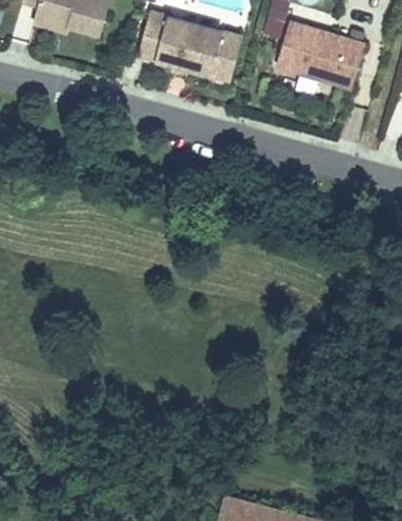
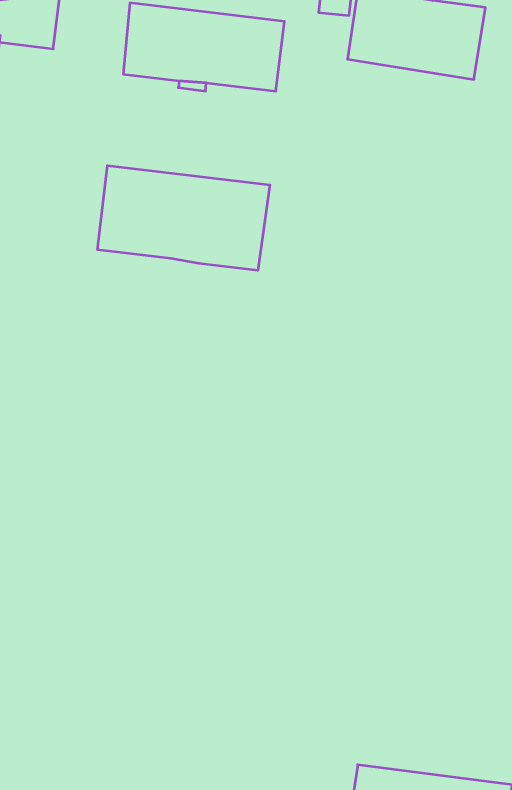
building: none -> [98,166,270,270]

